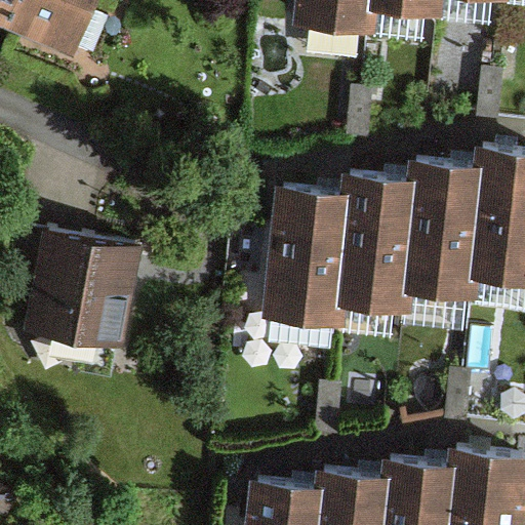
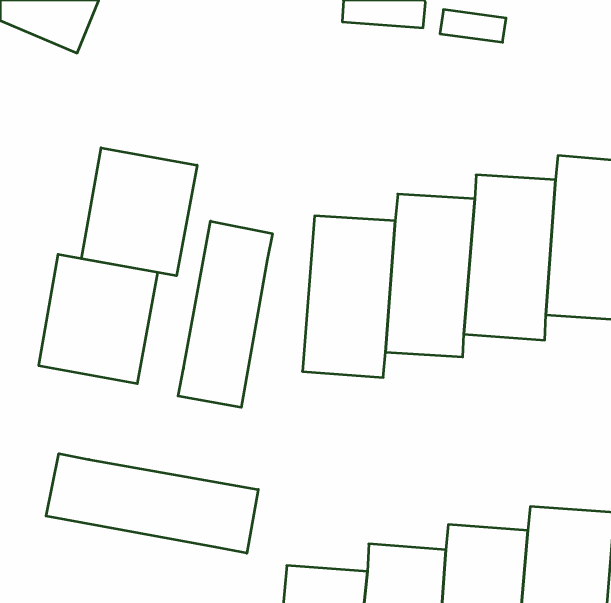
building: none -> [81,148,197,276]
building: none -> [178,221,272,407]
building: none -> [46,454,258,553]

